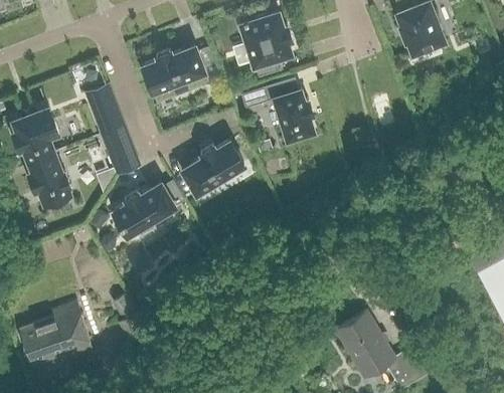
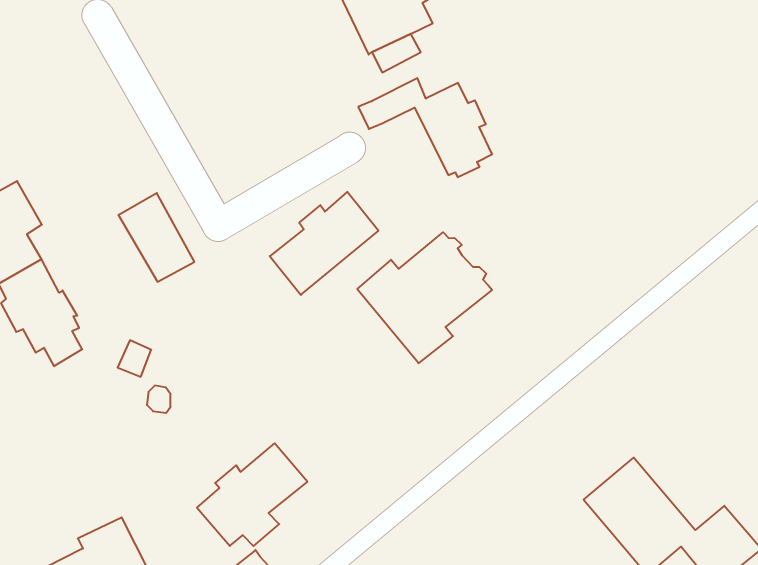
building: [143,46,209,104] -> none
building: [87,84,125,135] -> none
building: none -> [357,232,492,363]
building: [113,183,176,238] -> [197,443,307,546]

